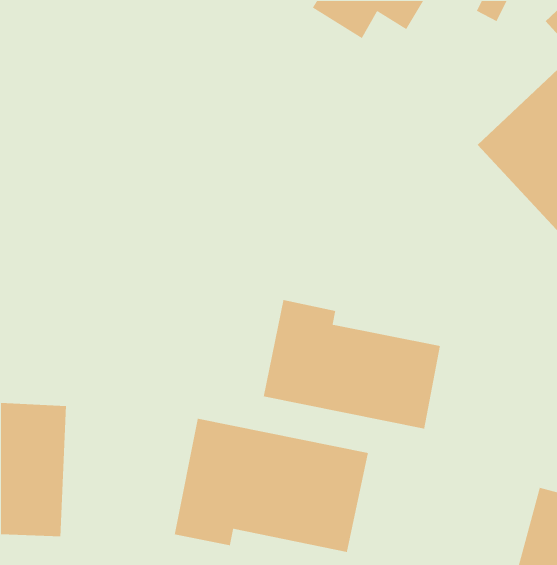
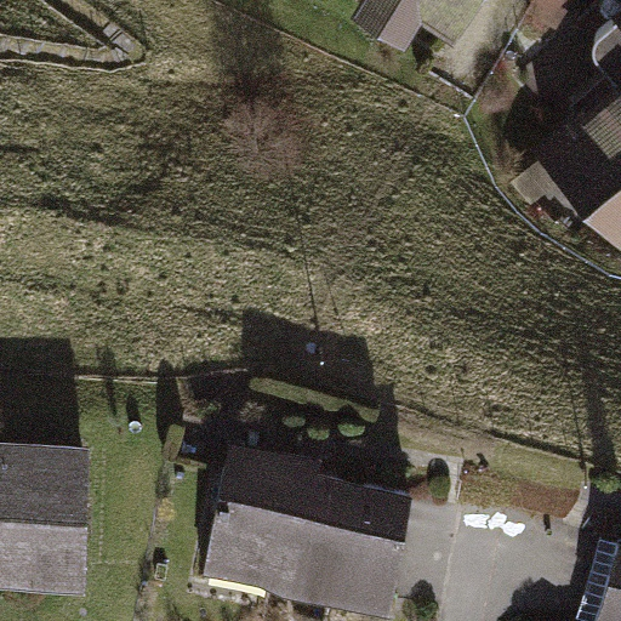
building: [263,299,441,430] -> none

